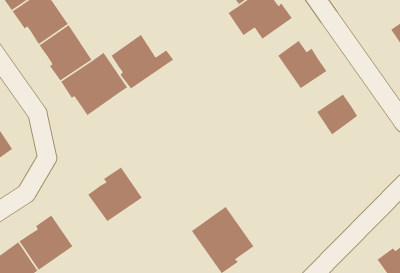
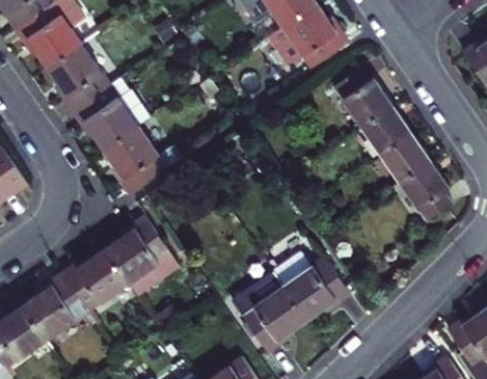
building: [111,34,174,89] -> [105,131,181,197]
building: none -> [359,103,410,152]
building: none -> [397,157,450,219]
building: none -> [270,246,348,313]
building: none -> [62,250,129,313]

